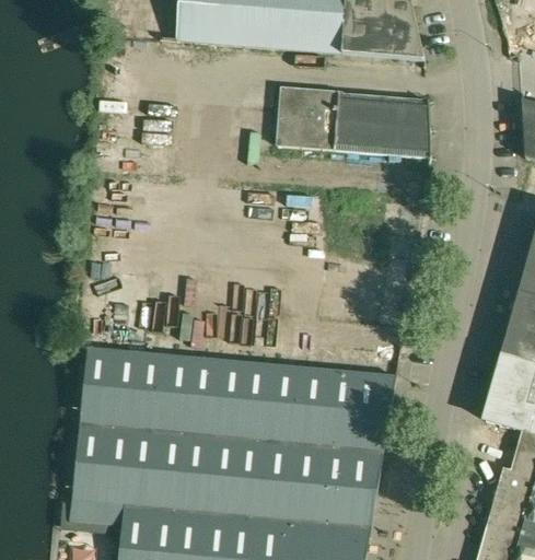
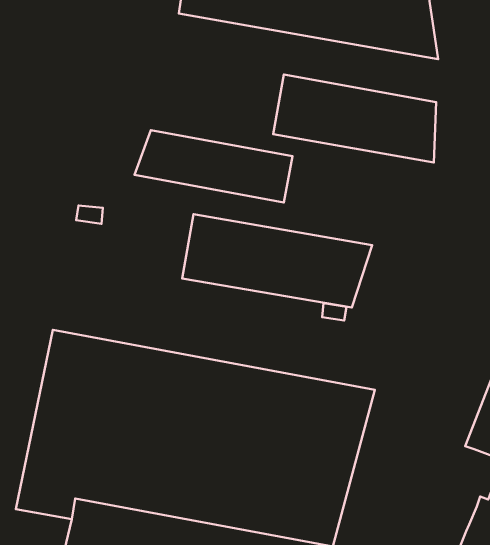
building: none -> [135,130,293,203]
building: none -> [182,214,372,308]

